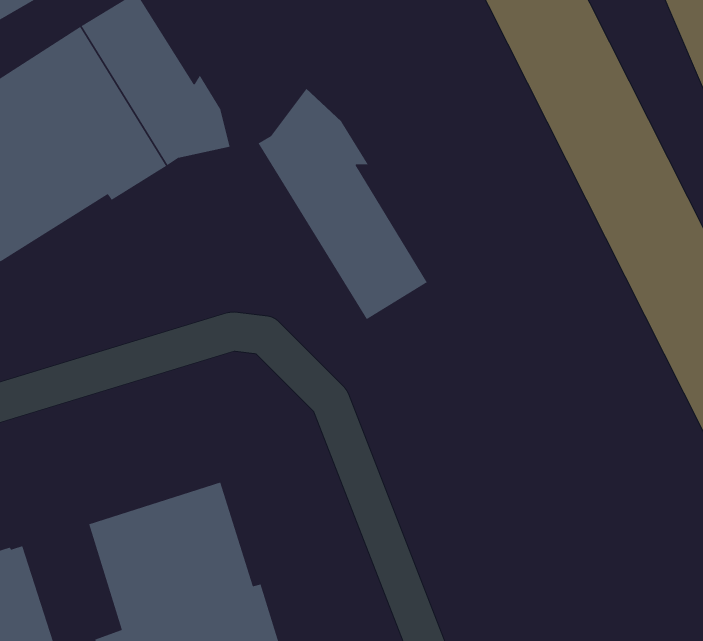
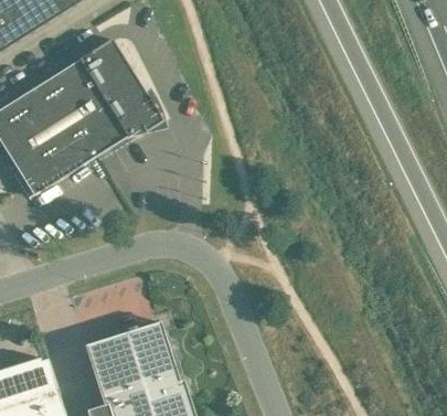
building: [257,88,428,320] -> none

